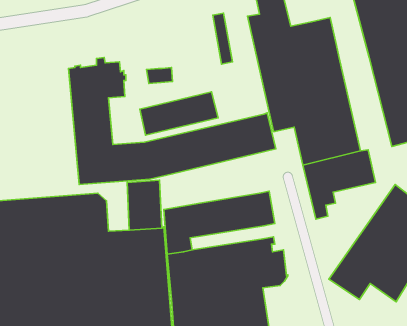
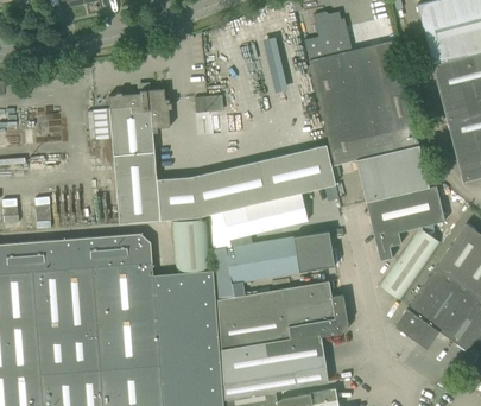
building: [140,92,218,135] -> [222,192,308,240]
building: none -> [379,228,441,300]

